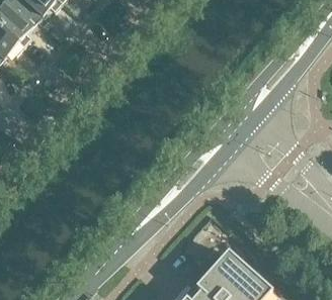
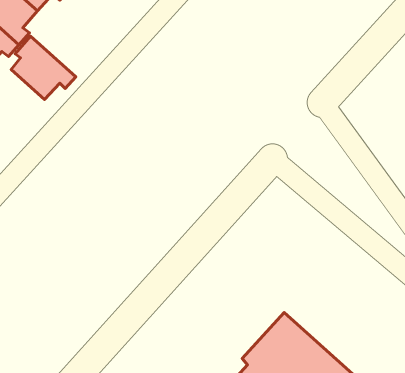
building: none -> [11,36,76,99]

